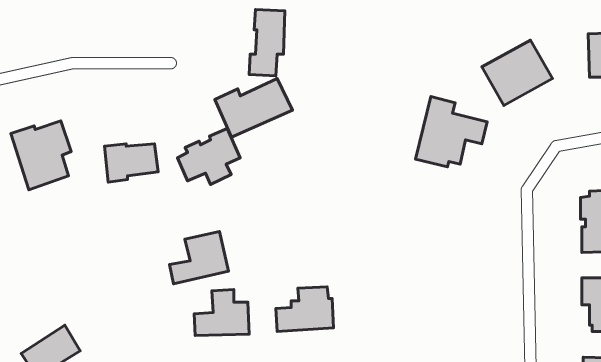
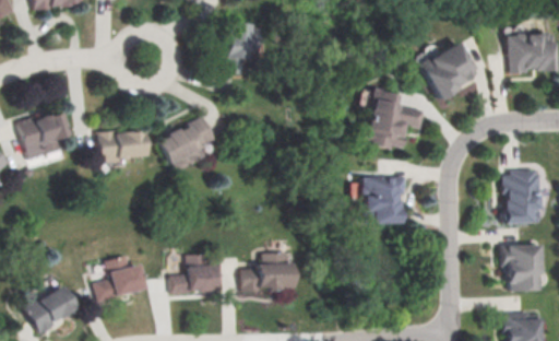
building: [215,79,293,137] -> none
building: none -> [361,177,404,223]
building: [170,231,228,284] -> [96,256,146,301]

